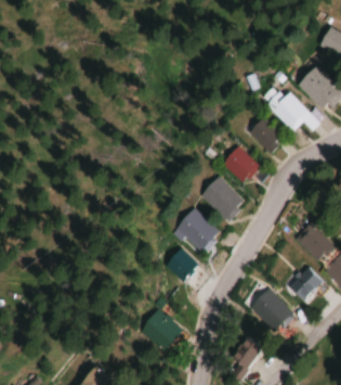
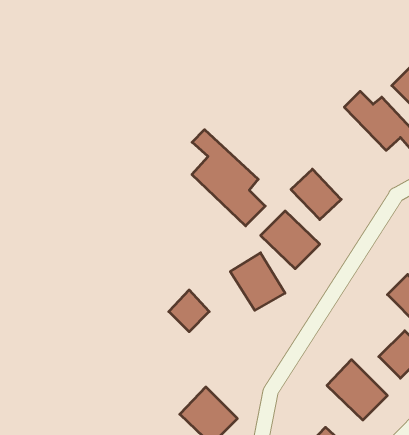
building: none -> [192,130,265,226]
building: [250,117,284,152] -> none
building: [167,249,197,281] -> [169,290,209,332]

